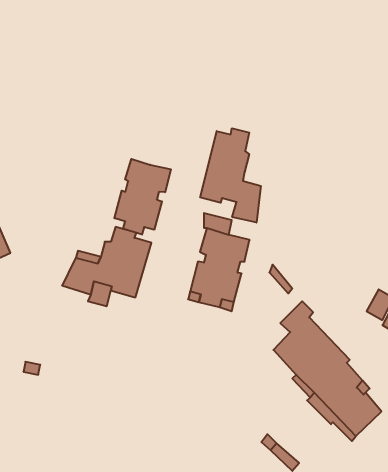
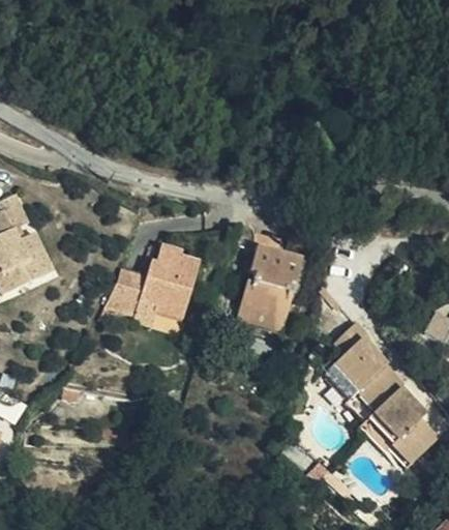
building: [200,128,261,223] -> none
building: [114,159,171,235] -> none

